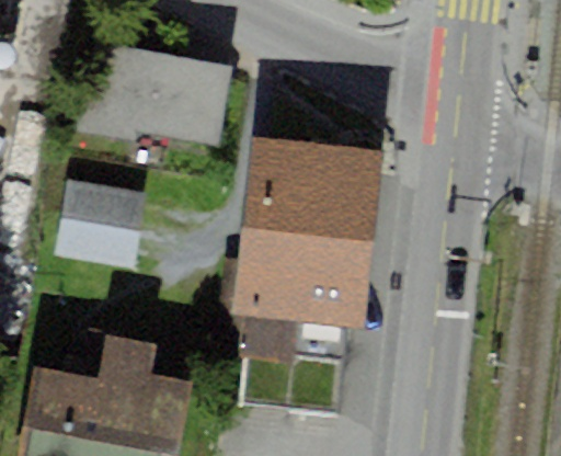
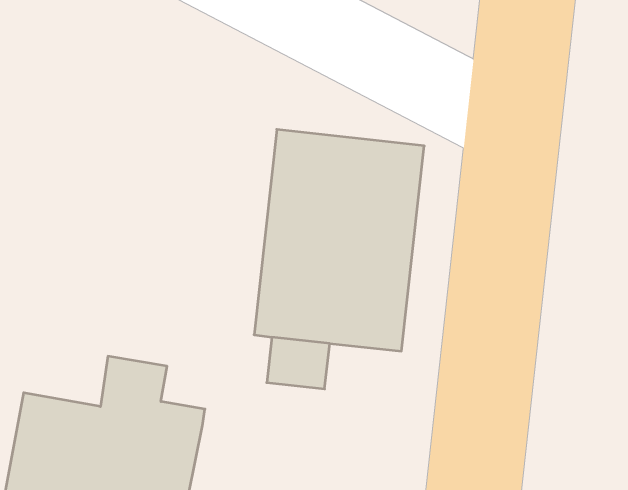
building: [77,42,232,145] -> none
building: [53,178,147,269] -> none

